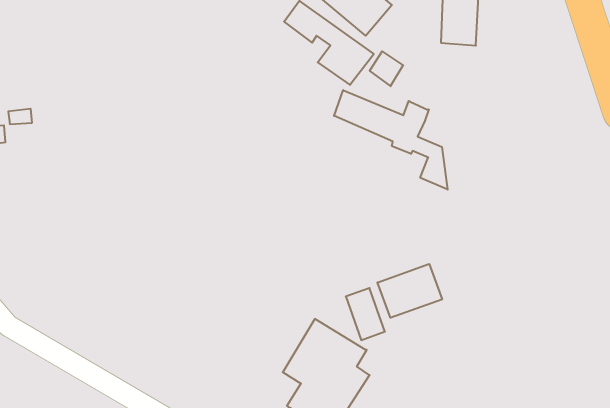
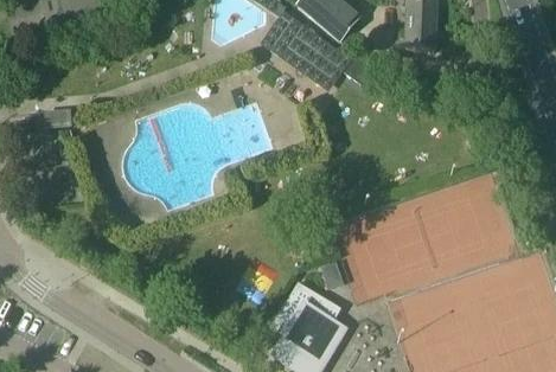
building: [334,90,448,190] -> none
building: [377,264,442,318] -> none

